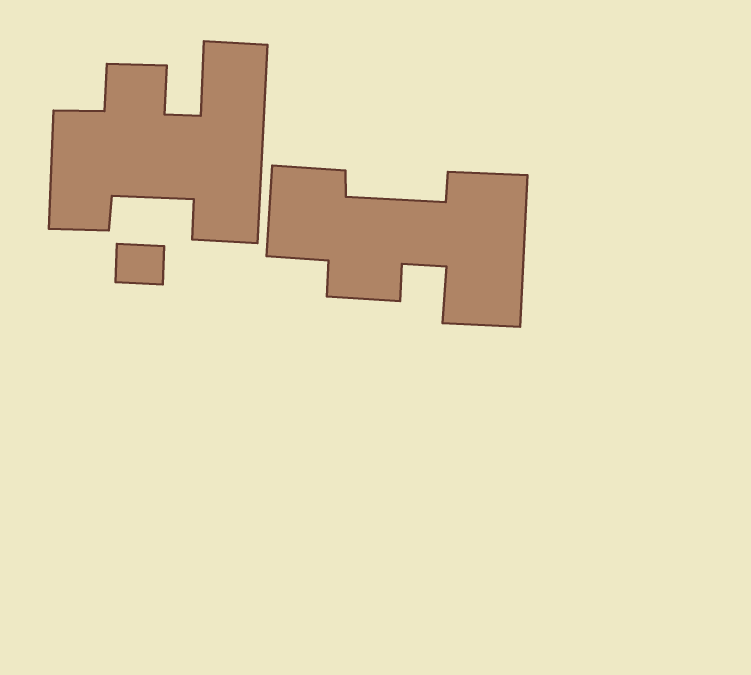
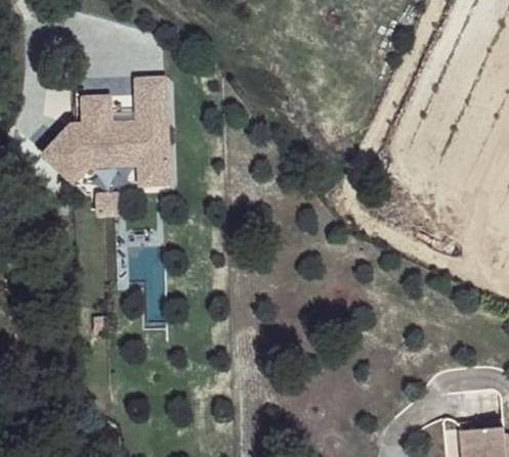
building: [266,166,528,327] -> none

